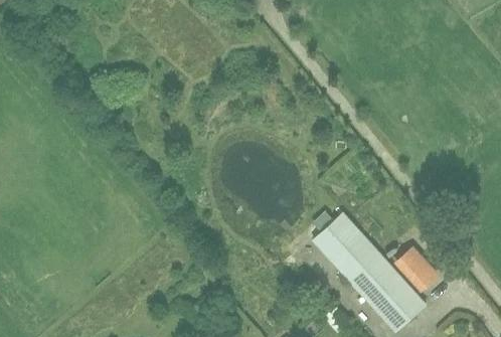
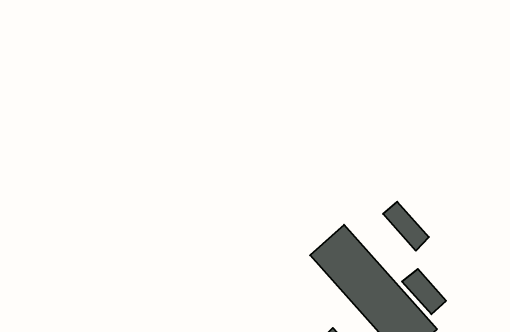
building: none -> [383,202,429,251]

